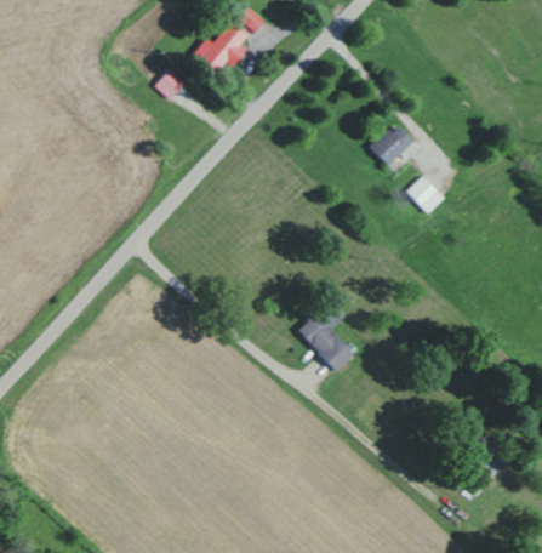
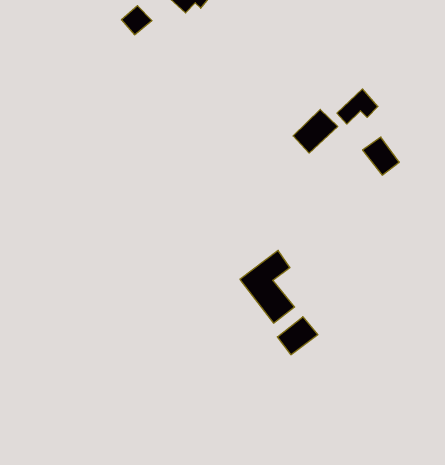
building: none -> [293,109,338,153]
building: none -> [277,317,318,355]

